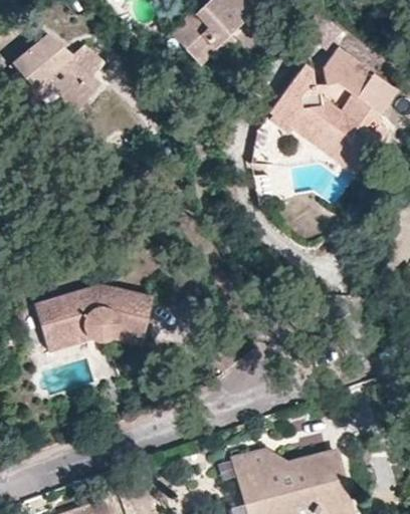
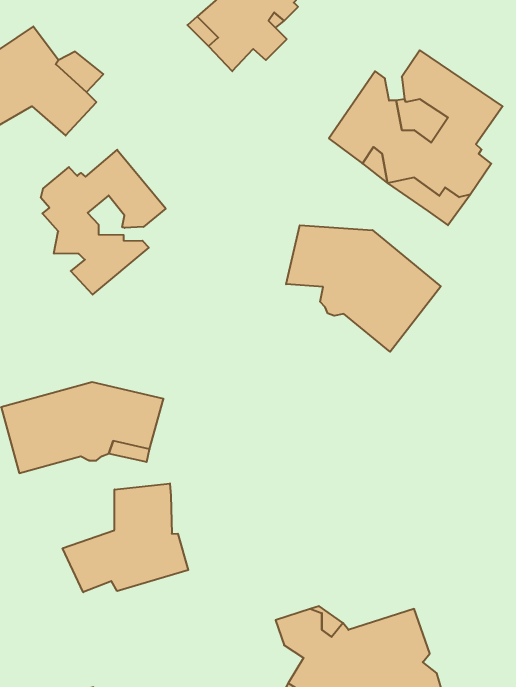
building: none -> [41,150,166,295]
building: none -> [286,225,441,352]
building: none -> [63,483,188,592]

